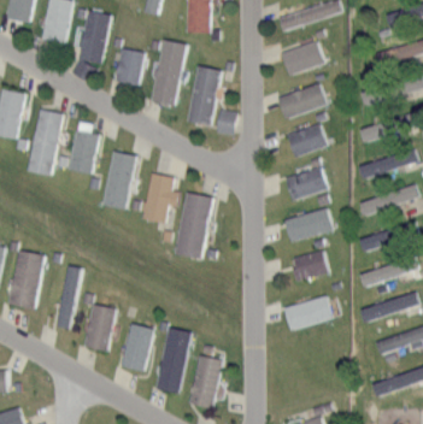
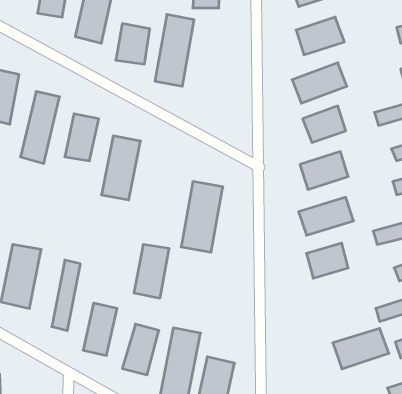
building: [187,65,223,125] -> none
building: [142,173,175,223] -> [134,245,169,298]
building: [283,295,335,332] -> [333,328,389,369]

